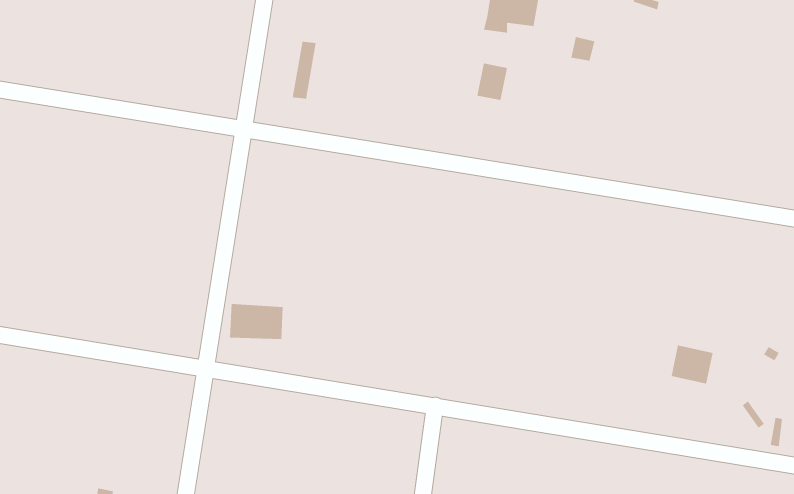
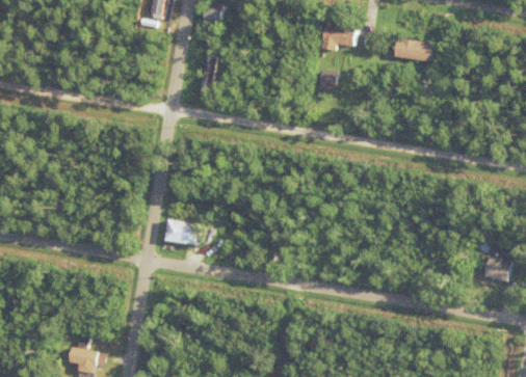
building: none -> [395,38,435,62]
building: [671,345,714,384] -> [480,258,507,282]

